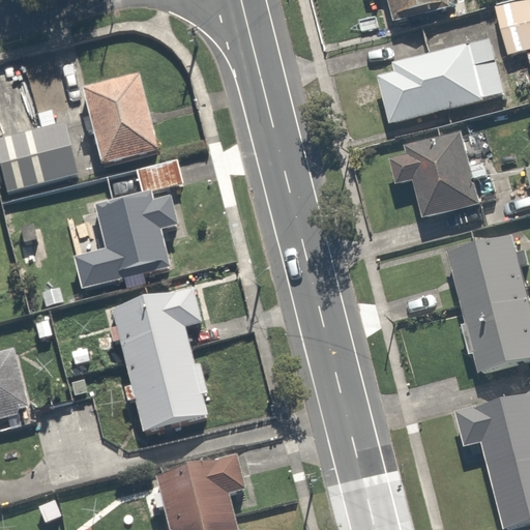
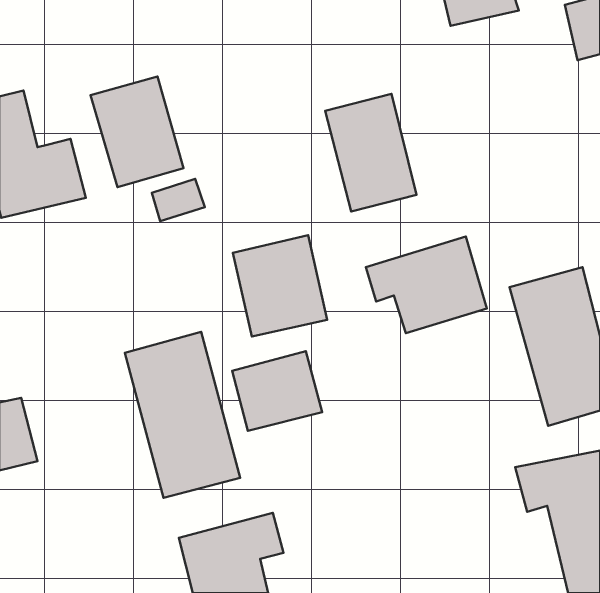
building: [375,29,509,123] -> none
building: none -> [325,94,416,212]
building: [389,127,496,212] -> [366,237,487,333]
building: [95,193,178,282] -> [233,235,327,336]
building: none -> [232,351,322,431]

